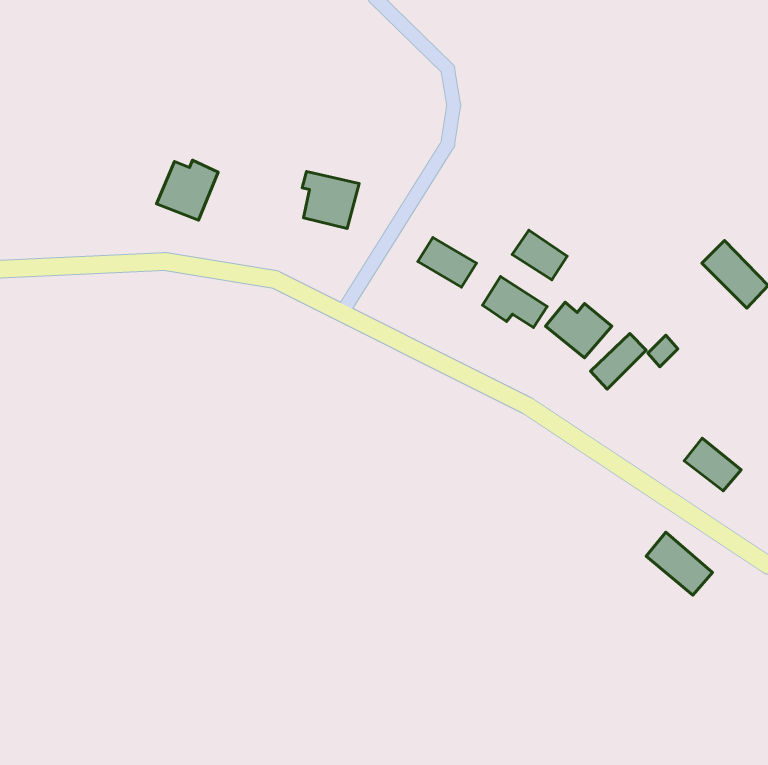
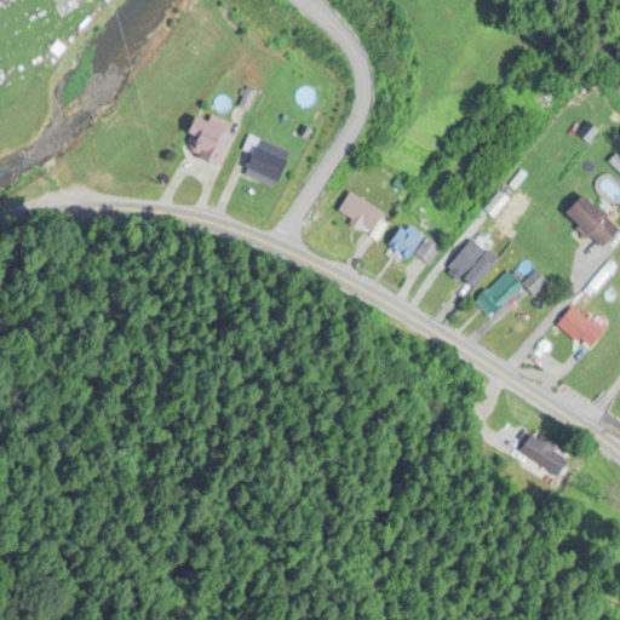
building: [157,160,218,220] -> [182,115,231,163]
building: [512,230,567,280] -> none
building: [684,438,741,491] -> [557,305,603,348]

